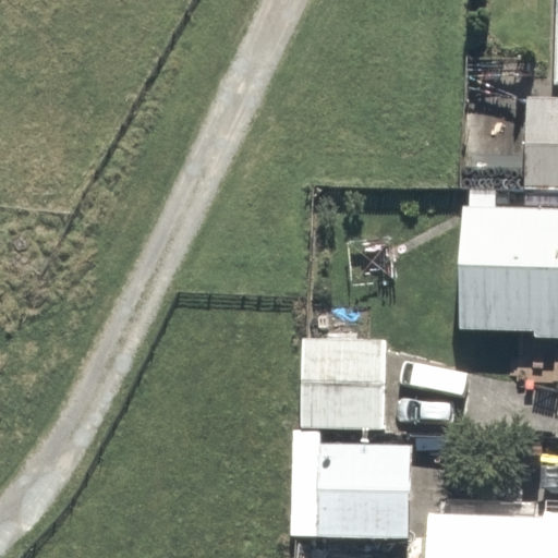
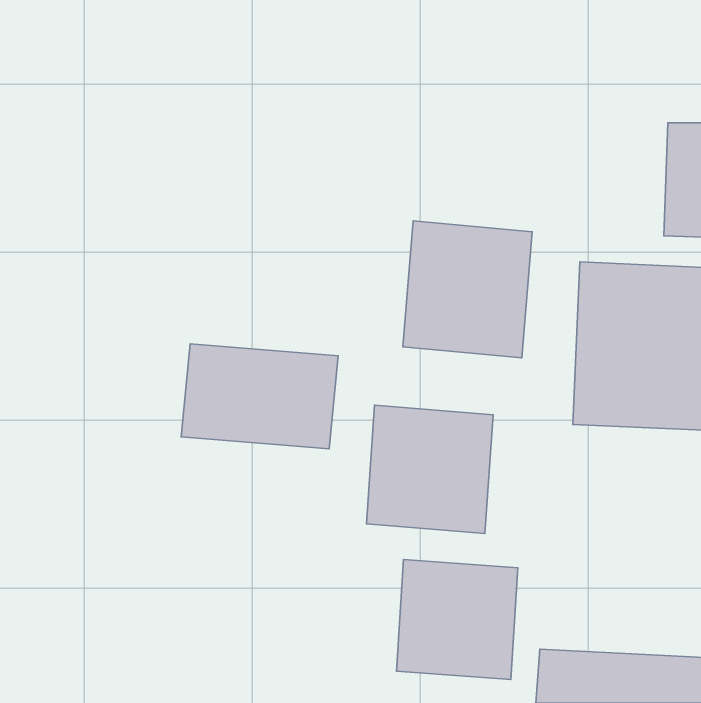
building: none -> [403,221,532,358]
building: none -> [181,344,338,449]

